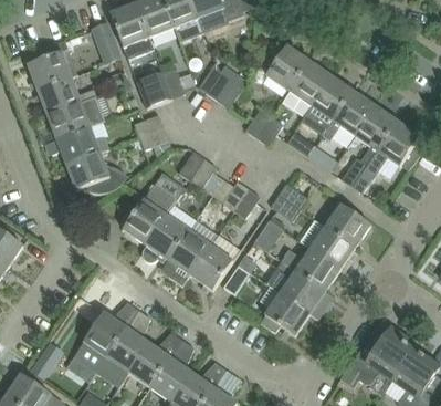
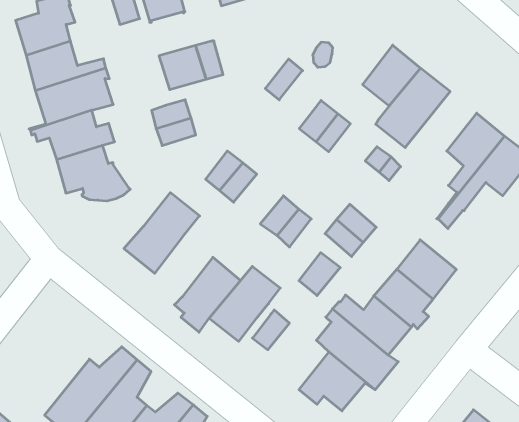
building: [265,45,308,92] -> none
building: [197,62,232,101] -> none
building: [323,92,375,147] -> none
building: [141,214,188,261] -> none

